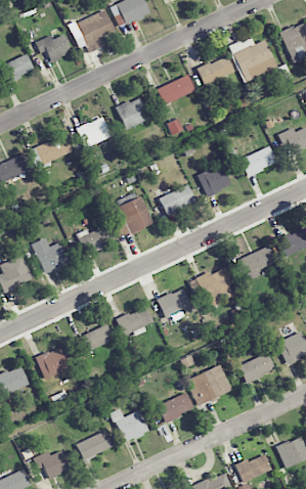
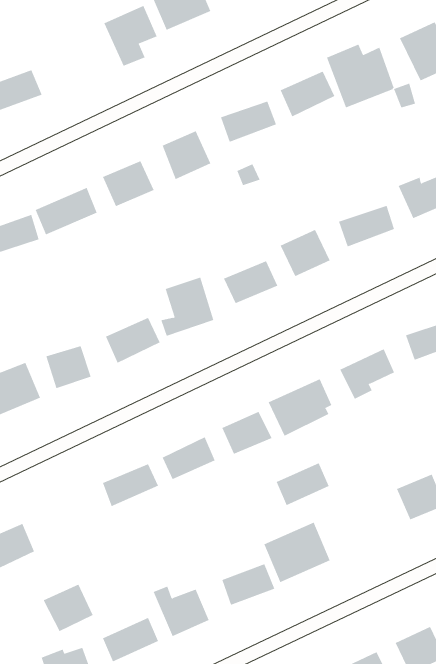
building: [35,34,72,61] -> none
building: [34,347,69,380] -> [43,584,94,632]
building: [237,353,274,383] -> [276,462,330,506]

